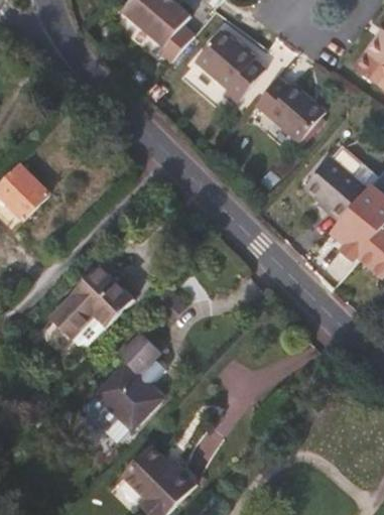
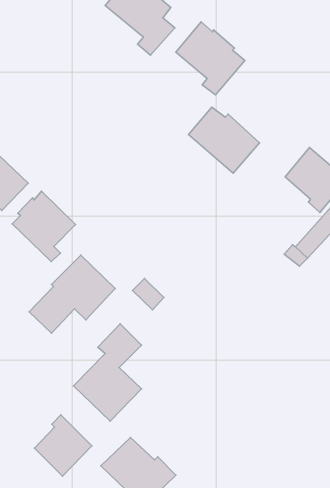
building: [254,76,325,141] -> [189,107,259,173]
building: none -> [12,191,76,262]
building: none -> [34,415,92,476]

